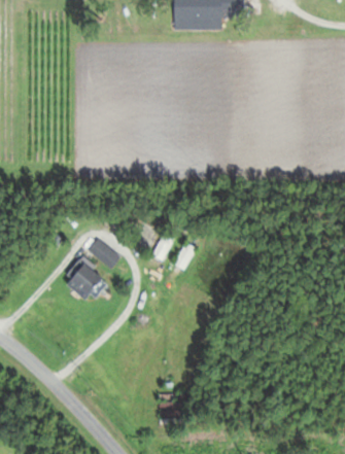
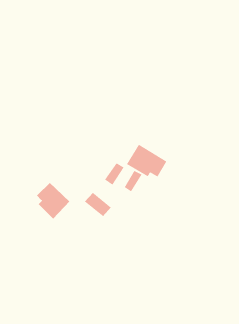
building: none -> [126,144,167,177]
building: [88,240,120,270] -> [84,192,112,217]

